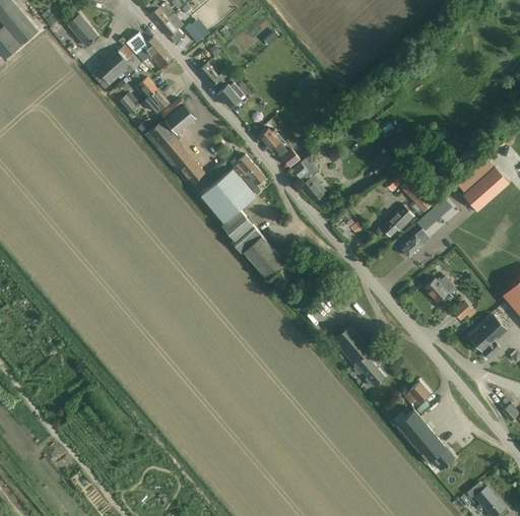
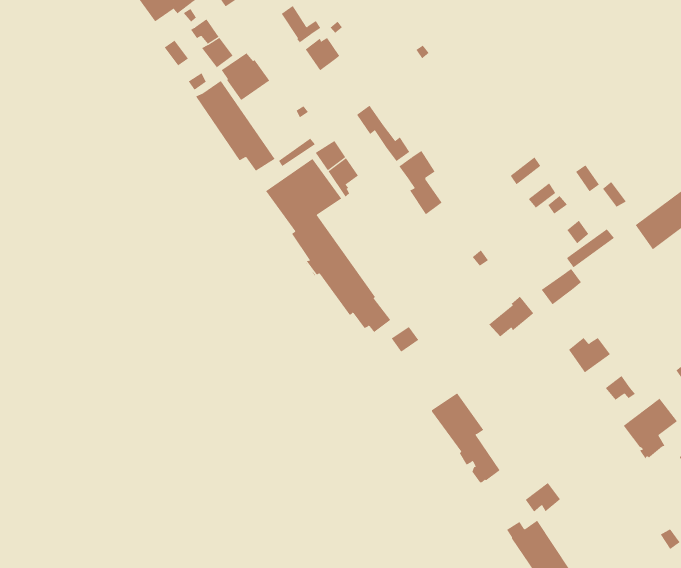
building: [382,205,413,236] -> [489,296,534,337]

